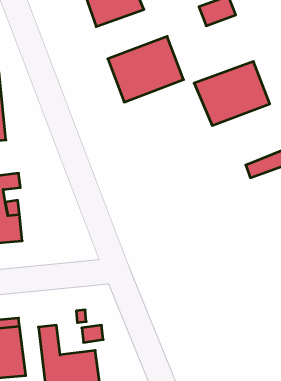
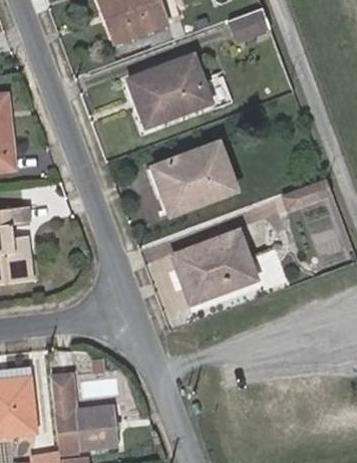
building: [194,62,270,125] -> [151,142,236,213]
building: none -> [172,230,256,303]

